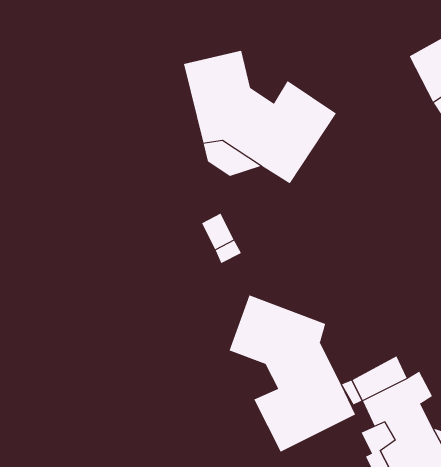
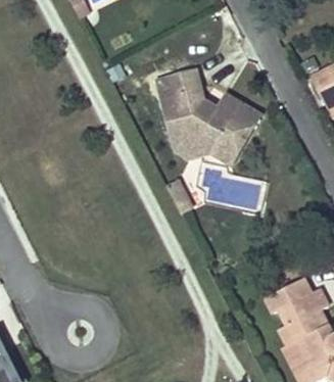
building: [229,294,356,452] -> none

